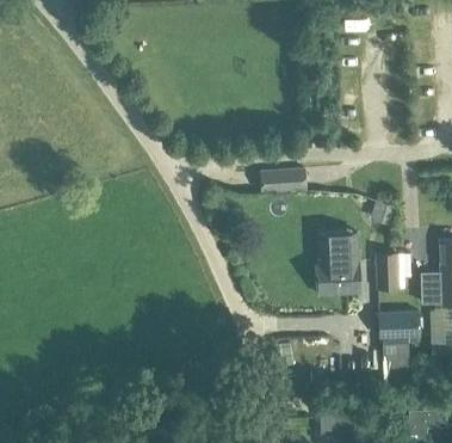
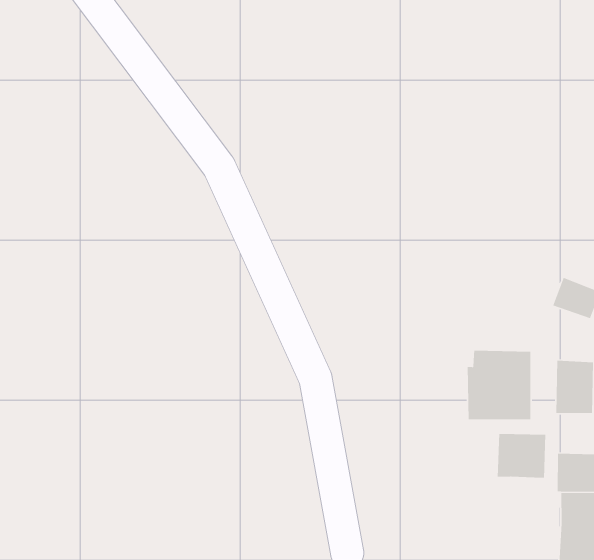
building: [260,167,307,193] -> none
building: none -> [497,433,546,479]

